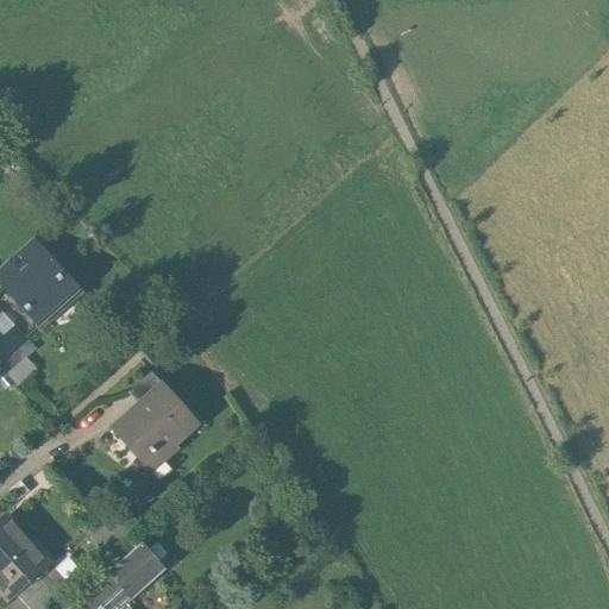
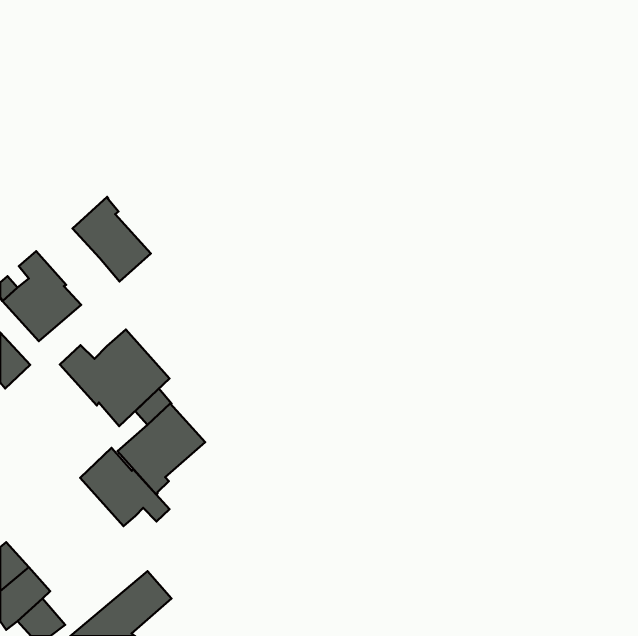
building: none -> [72,197,151,281]
building: none -> [60,329,170,426]
building: none -> [80,448,169,526]

